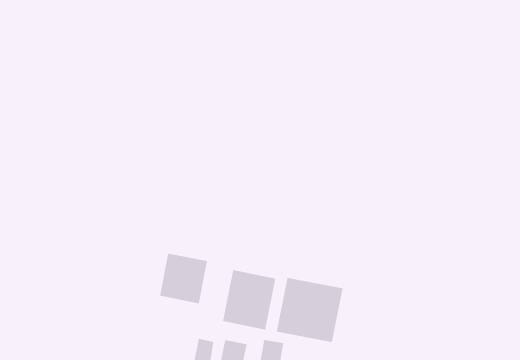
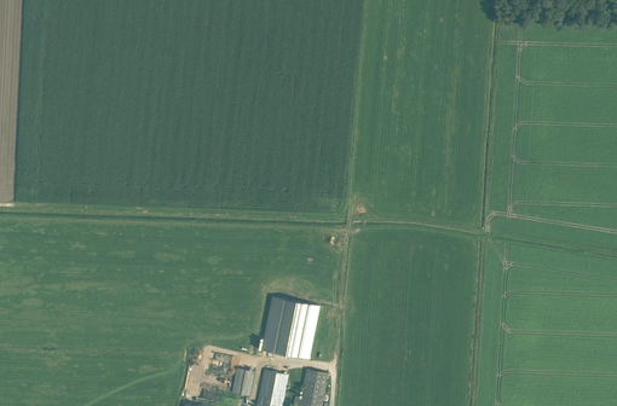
building: [159,253,207,304] -> none
building: [276,277,343,343] -> none

